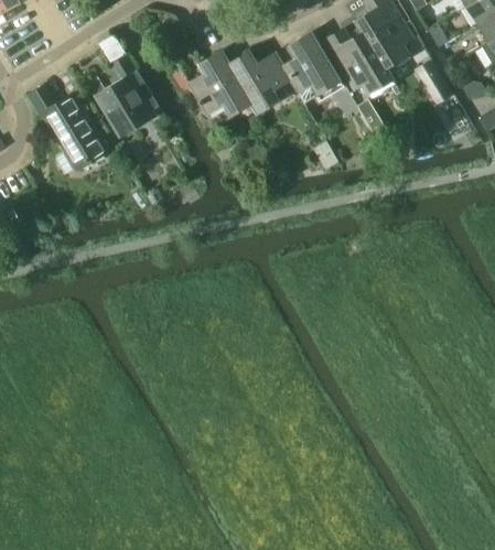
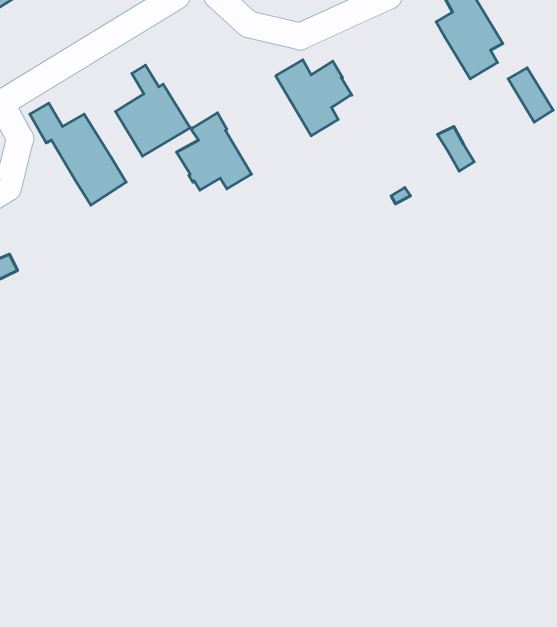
building: [324,30,392,93] -> none
building: [281,32,342,104] -> none
building: [189,51,249,114] -> [177,113,251,190]

